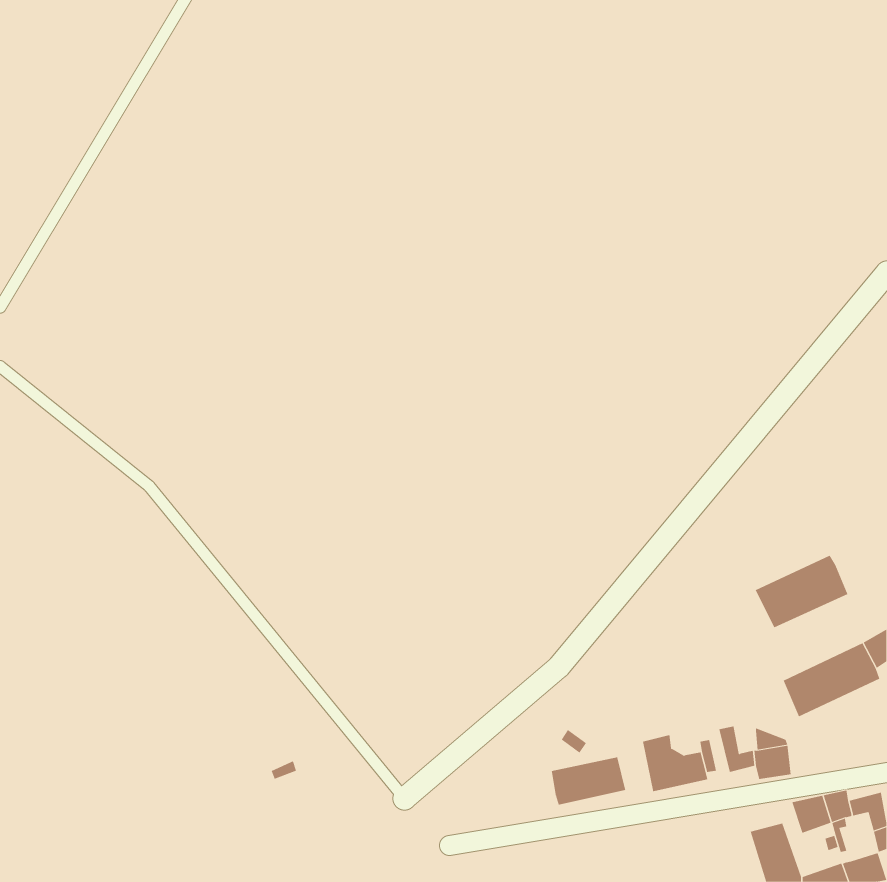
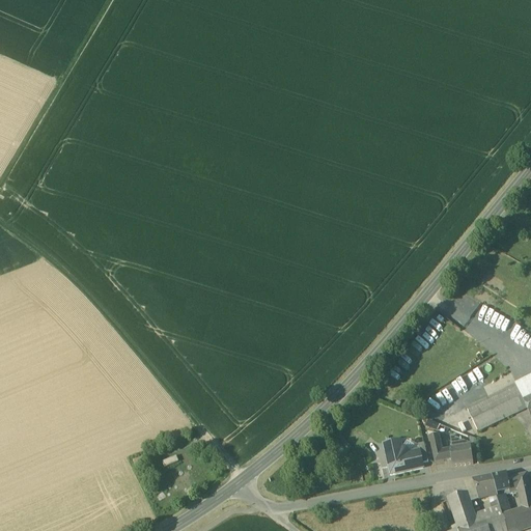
building: [755,555,848,628] -> none
building: [551,757,626,805] -> none

